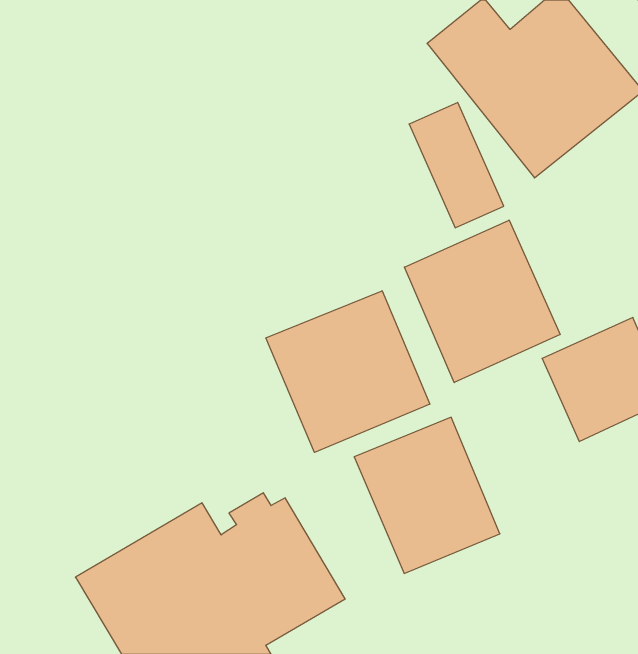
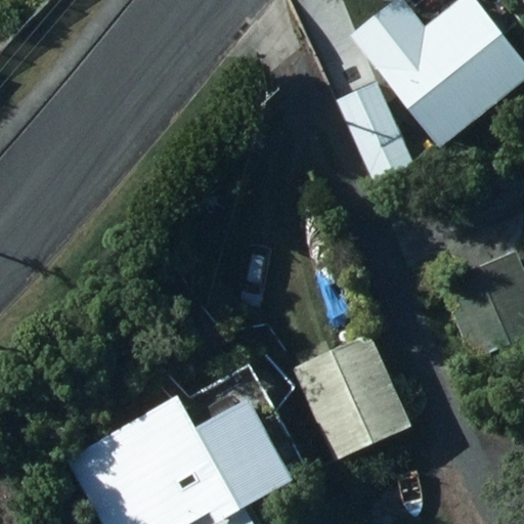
building: [404,220,560,383] -> none
building: [266,291,430,452] -> none

